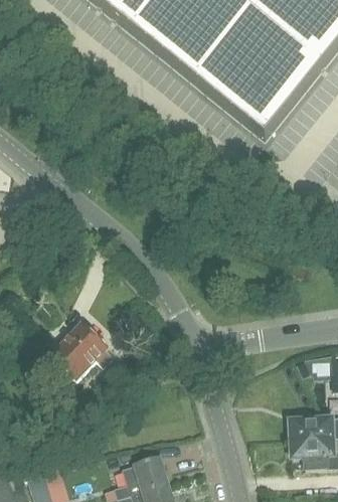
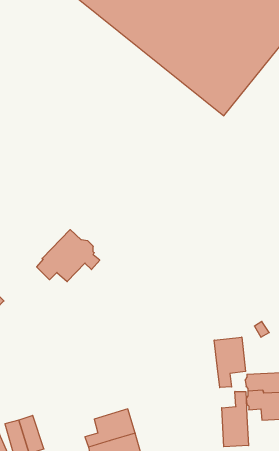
building: [43,322,112,378] -> [37,230,100,282]
building: none -> [214,337,246,388]
building: none -> [222,391,249,447]

